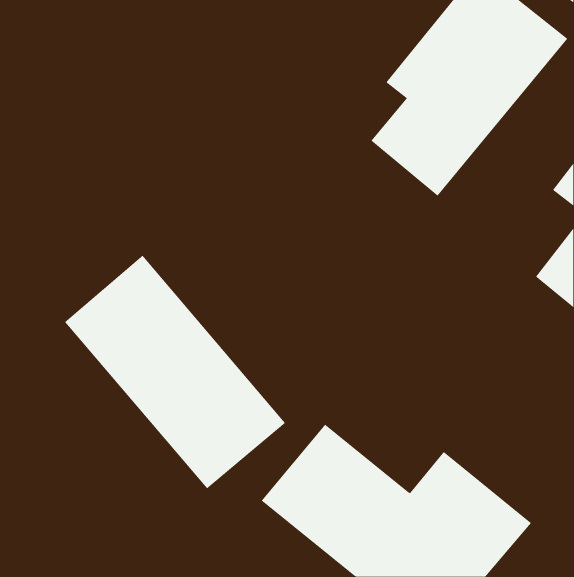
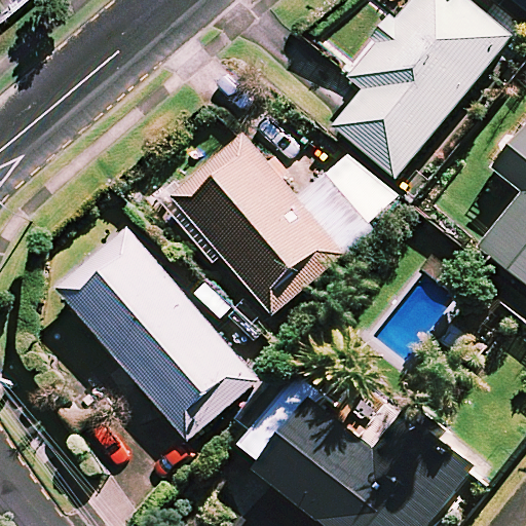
building: none -> [165,137,397,315]

